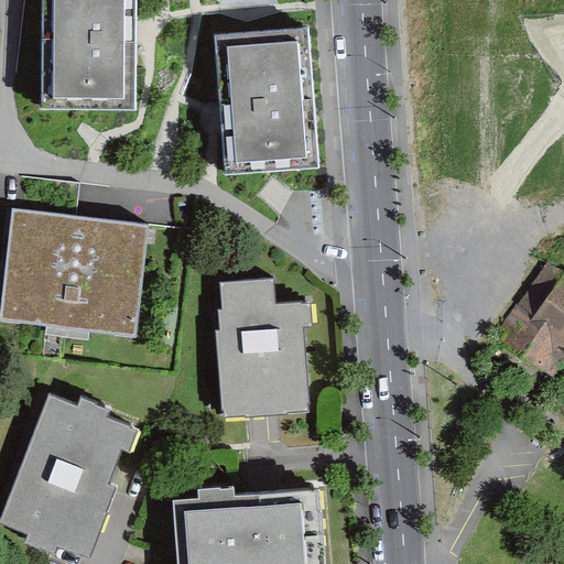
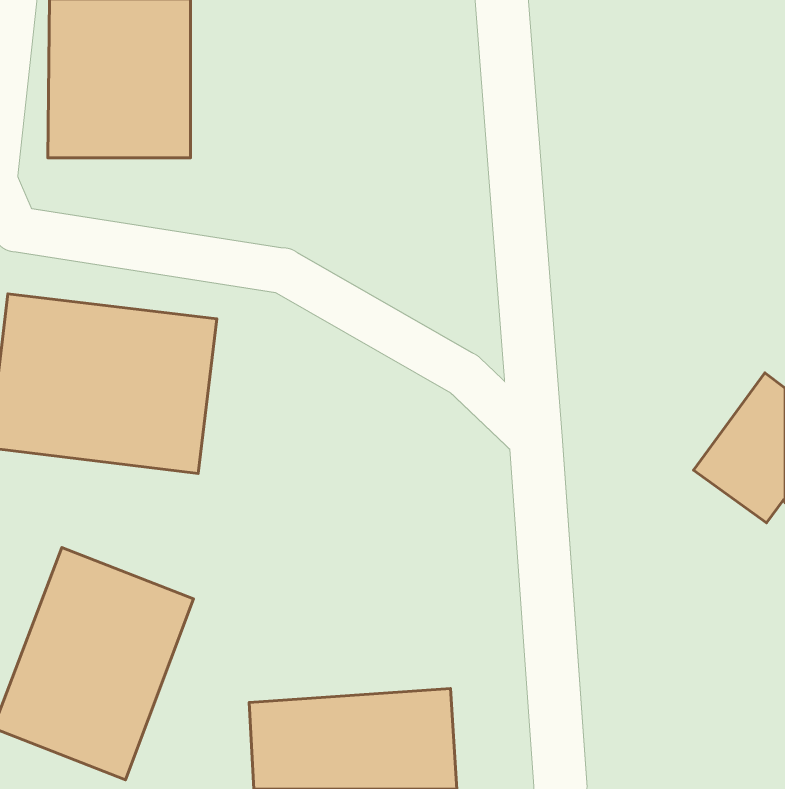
building: [208,20,322,181] -> none
building: [216,281,312,419] -> none

